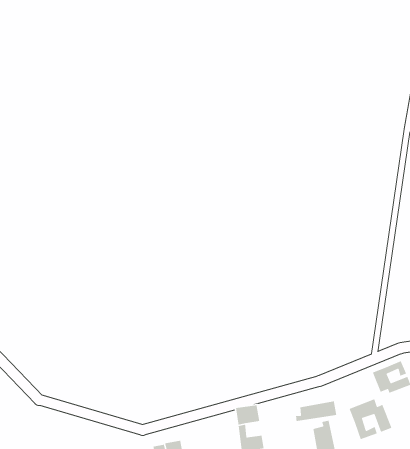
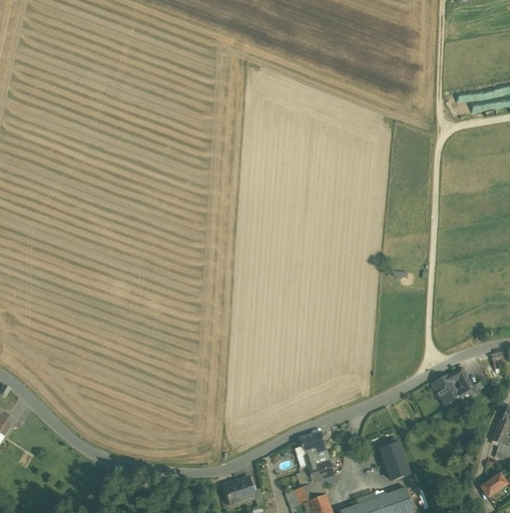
building: [348,398,392,440] -> none
building: [295,401,337,422] -> none

